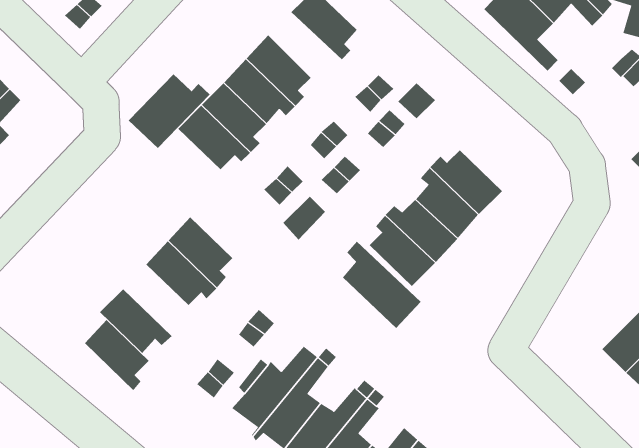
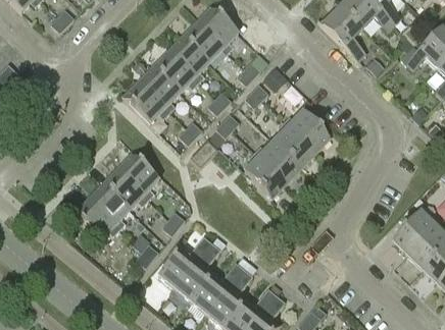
building: none -> [181,22,228,64]
building: [128,73,210,149] -> none
building: [342,241,421,329] -> none
building: [84,319,150,391] -> [88,183,130,229]

